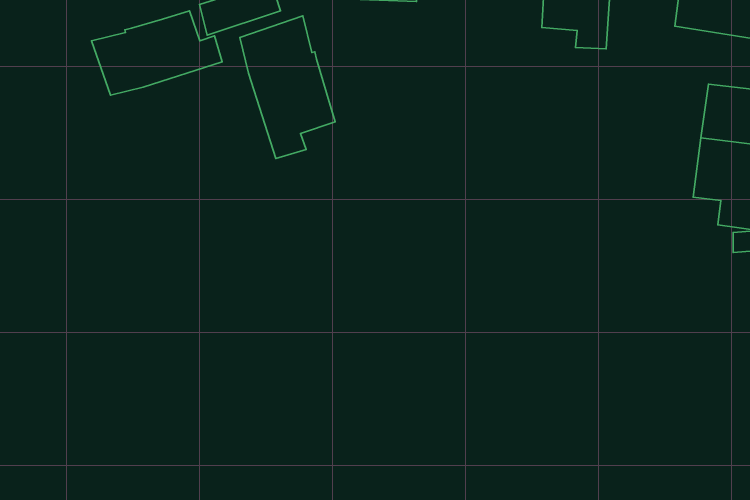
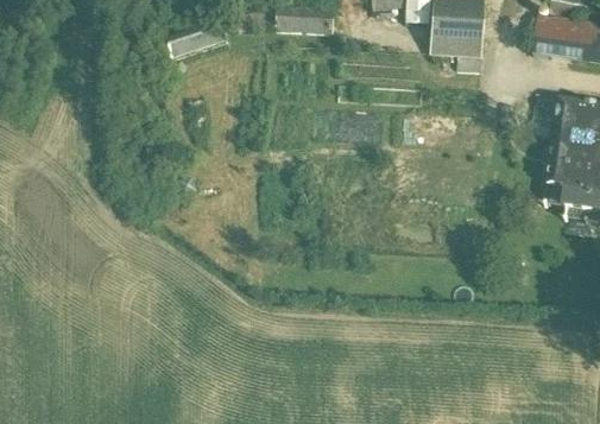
building: [91,11,222,95] -> none
building: [240,16,335,158] -> none

